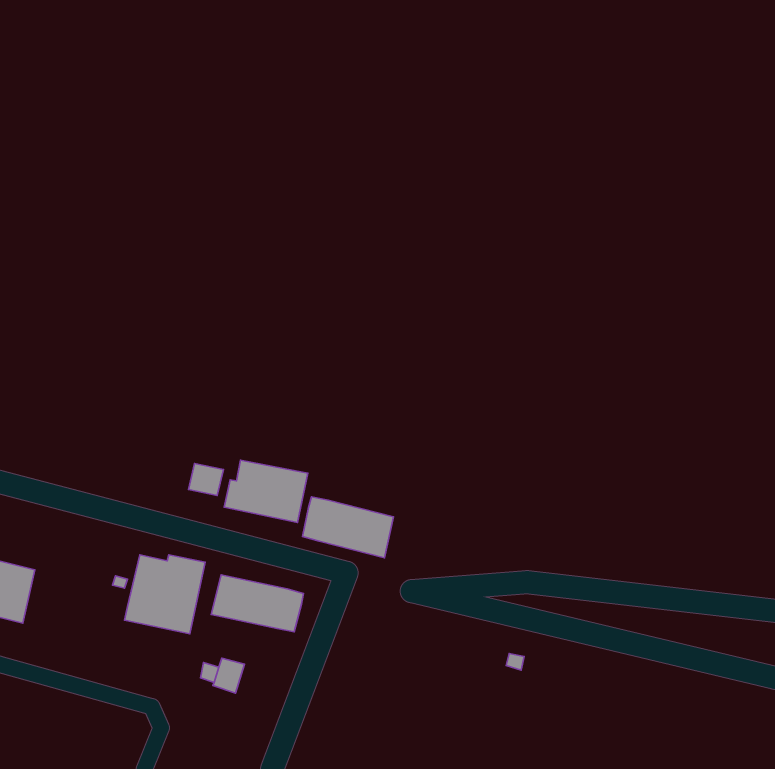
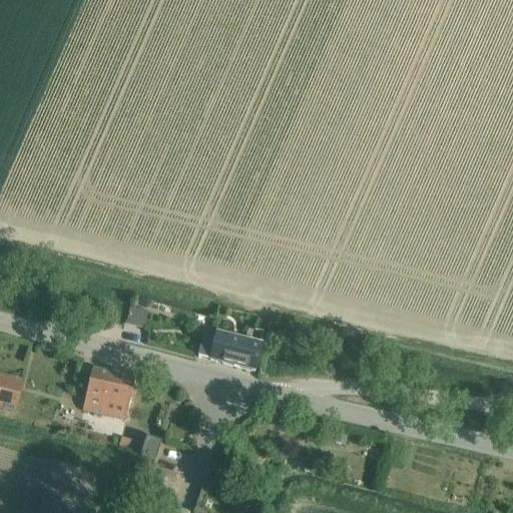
building: [224,460,308,523] -> none
building: [211,575,303,632] -> none

